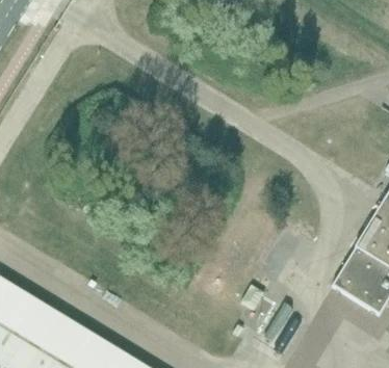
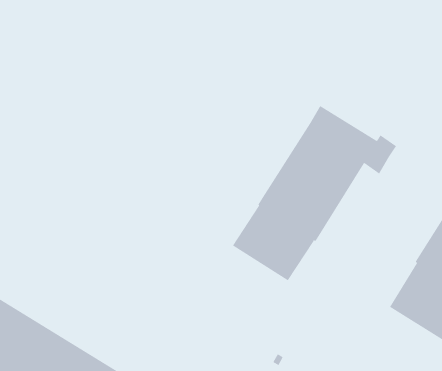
building: none -> [232,105,397,281]

